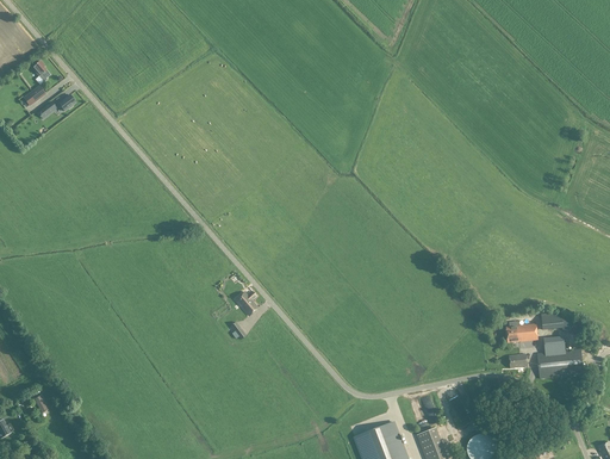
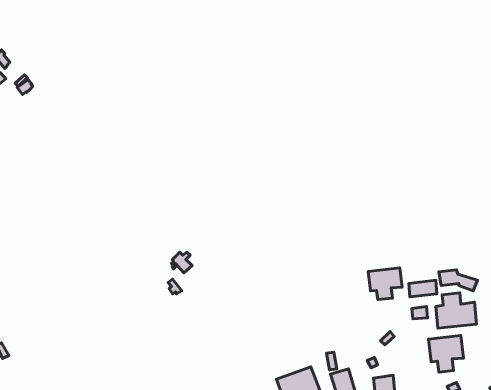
building: none -> [368,268,402,300]
building: none -> [429,336,464,372]

